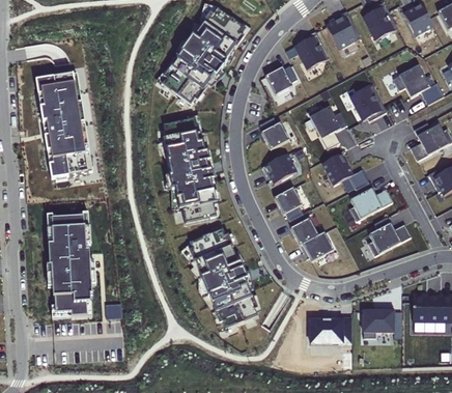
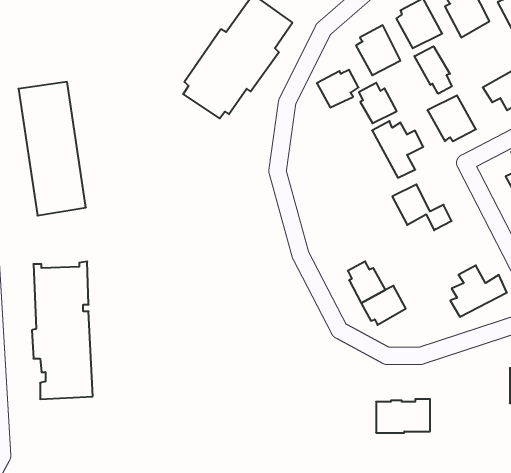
building: none -> [414,46,452,94]
building: [163,117,216,222] -> none
building: [259,117,288,148] -> [359,83,397,123]
building: [261,153,295,183] -> none
building: [348,181,392,221] -> none
building: [274,187,302,220] -> none
building: [190,230,254,328] -> none
building: [363,308,394,338] -> none

